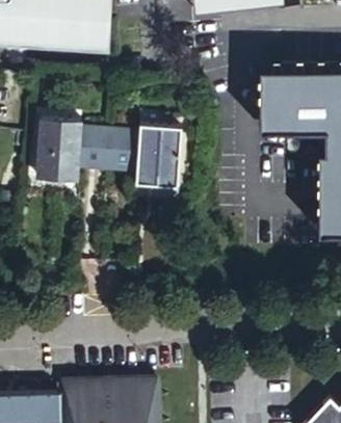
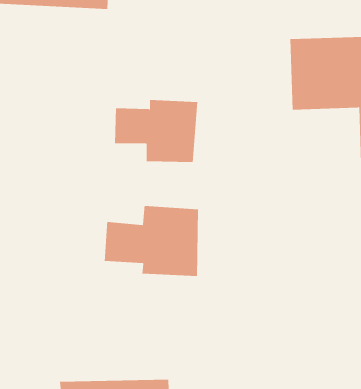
building: [35,125,106,182] -> none
building: none -> [104,205,199,277]

